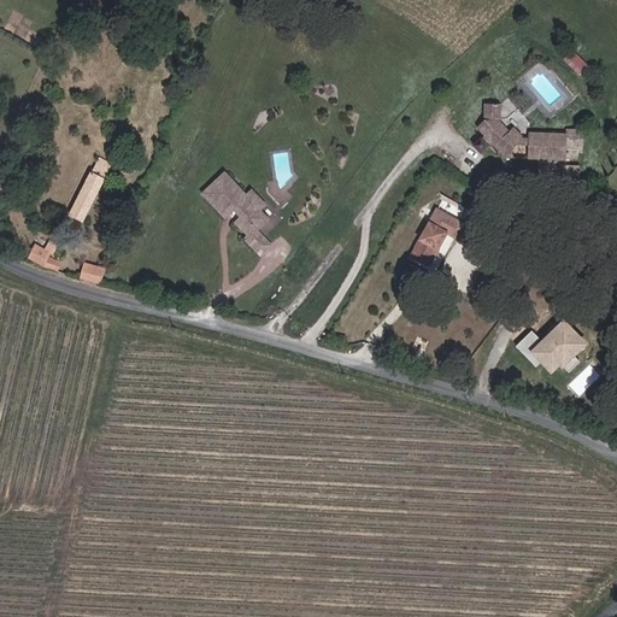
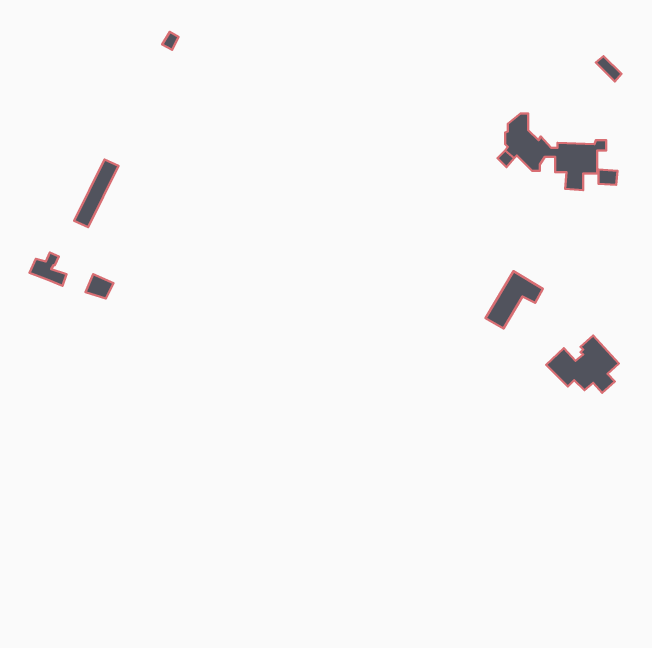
building: [201,170,272,254] -> none
building: [412,206,466,260] -> [486,271,543,328]

